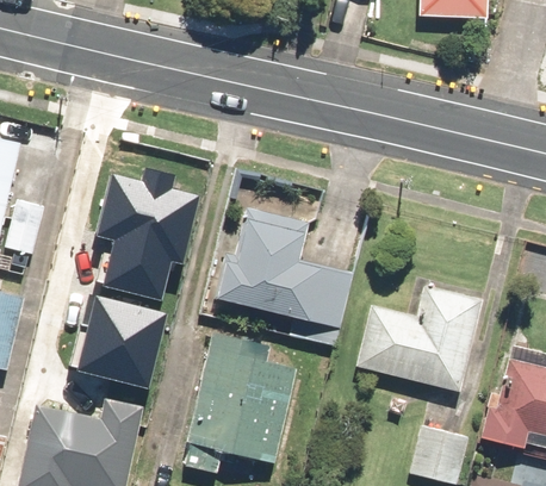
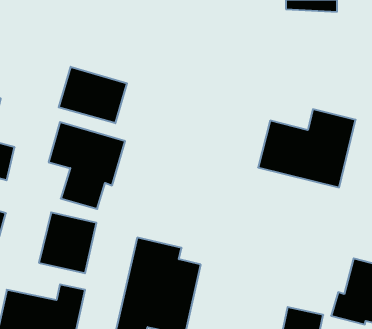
building: none -> [59,67,127,123]
building: [213,211,353,330] -> none
building: [352,287,485,394] -> [258,109,356,187]

